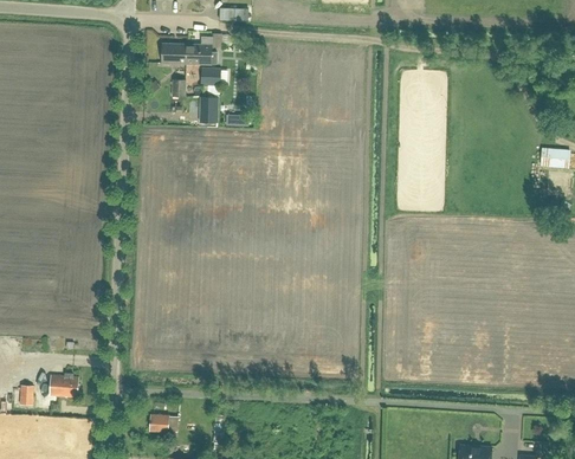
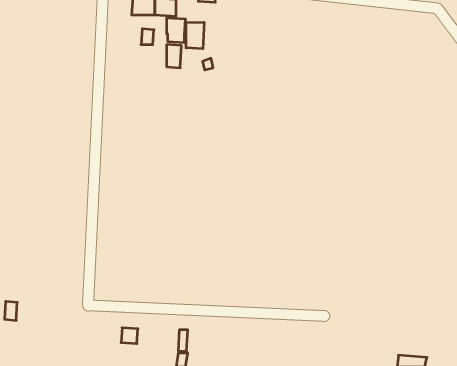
building: none -> [186,22,204,49]
building: [50,371,79,396] -> none

